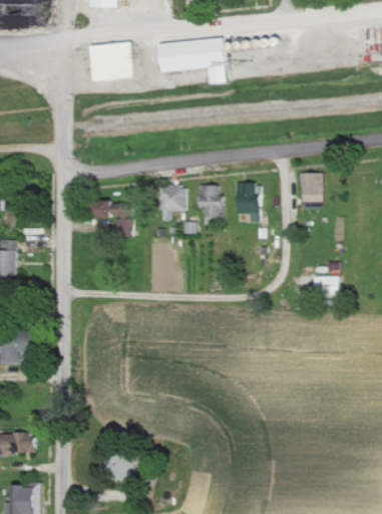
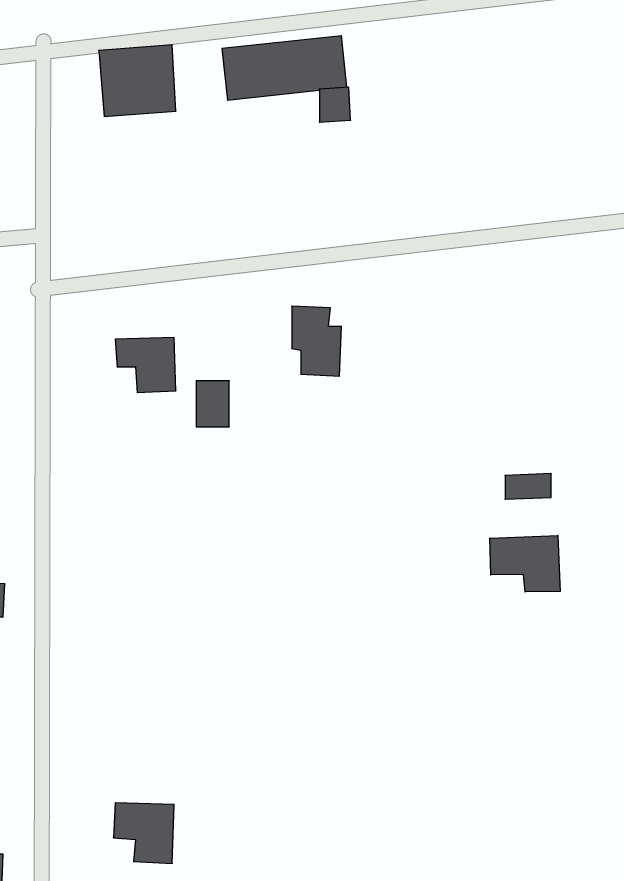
building: [298,173,321,208] -> none
building: [232,183,259,222] -> none
building: [165,186,183,211] -> [196,381,229,427]
building: none -> [490,535,560,592]

